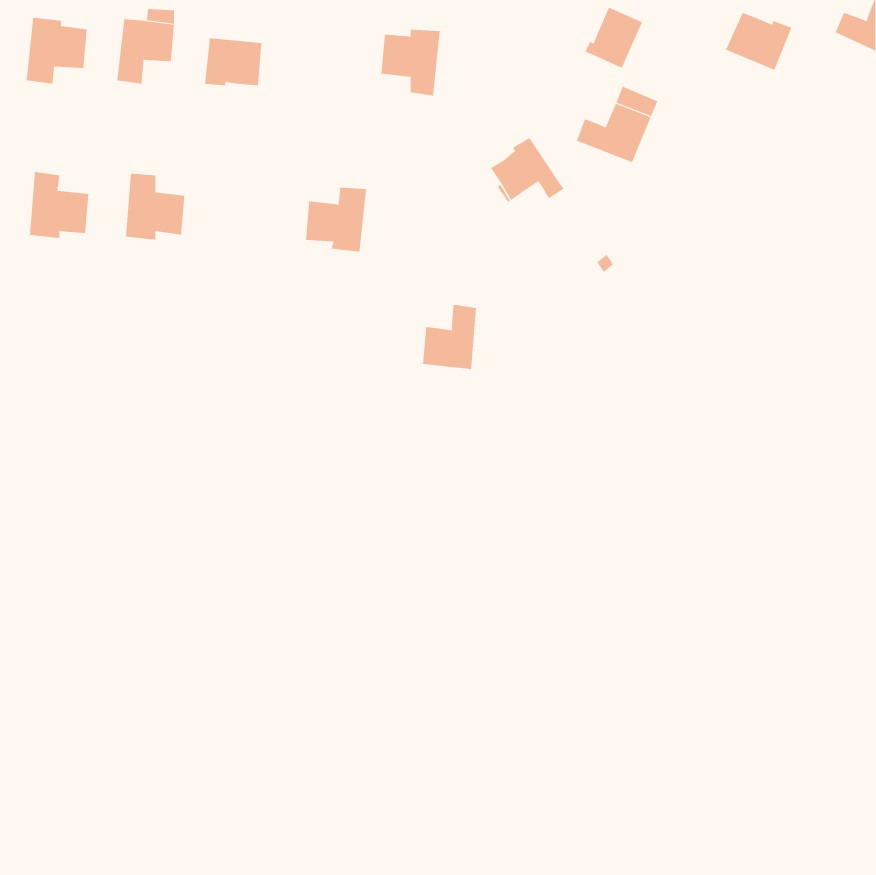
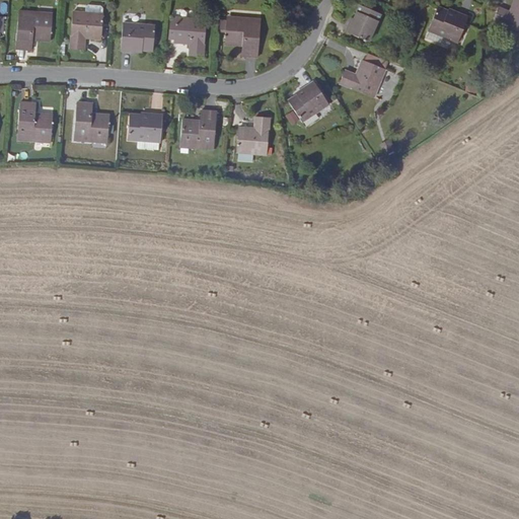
building: none -> [168,17,207,56]
building: none -> [129,114,162,141]
building: [422,304,477,369] -> [237,116,270,154]

